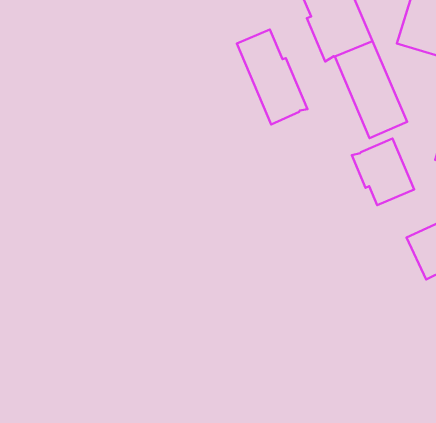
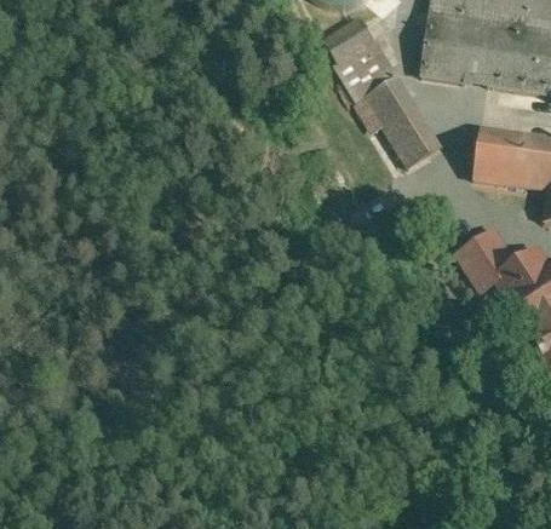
building: [237,30,307,124] -> none
building: [352,138,414,205] -> none

